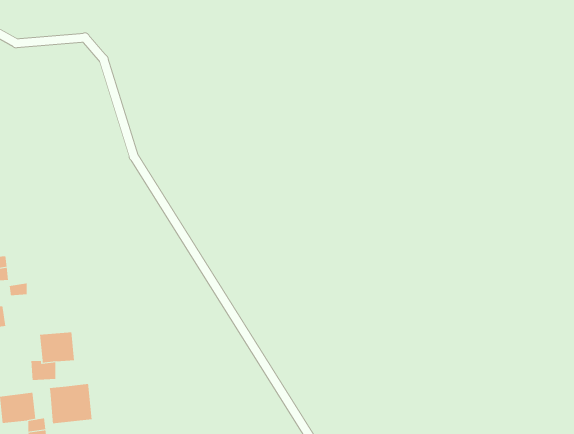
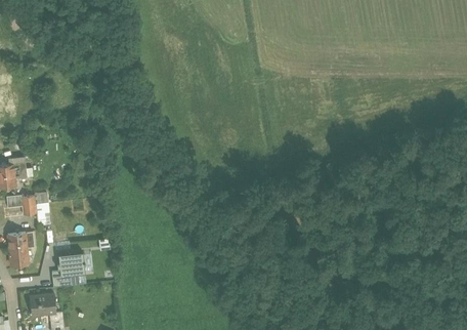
building: [49,383,92,424] -> none

